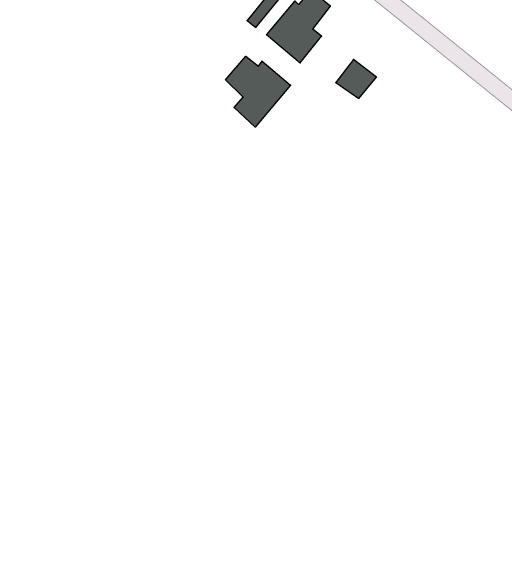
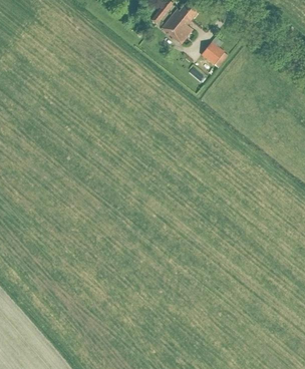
building: [226,56,291,127] -> none

